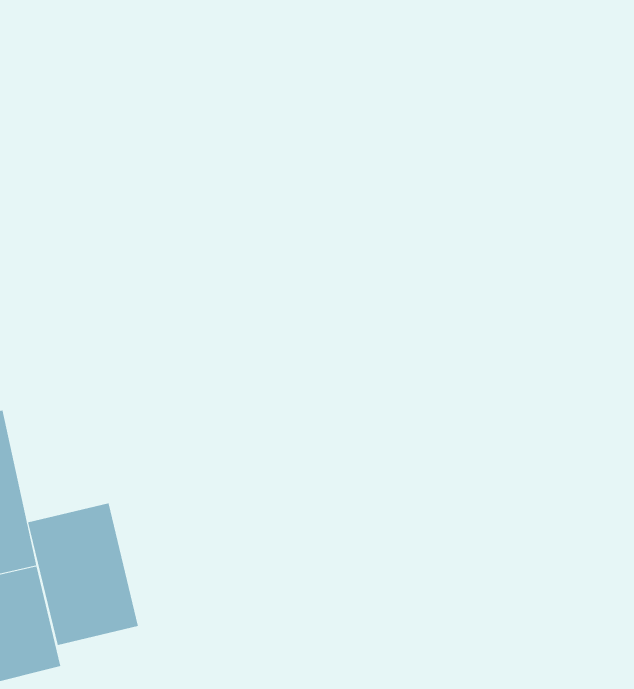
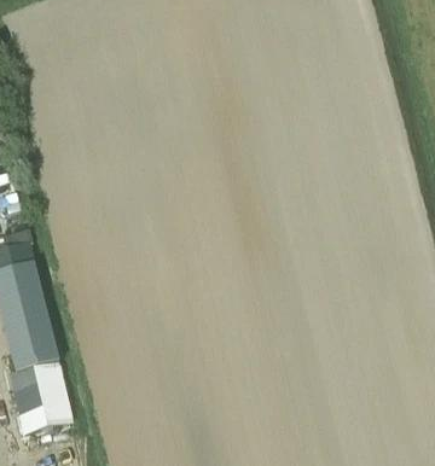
building: [28,502,139,646] -> none

